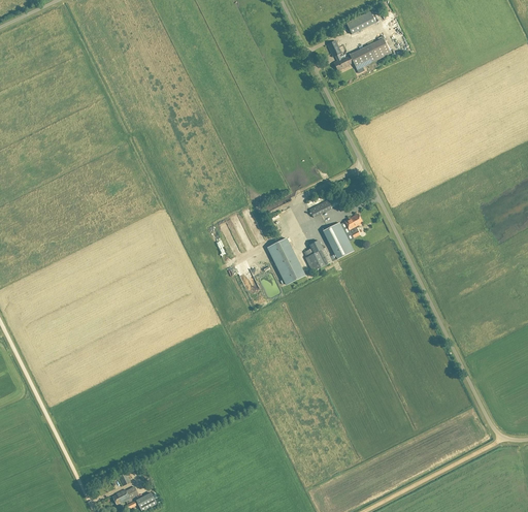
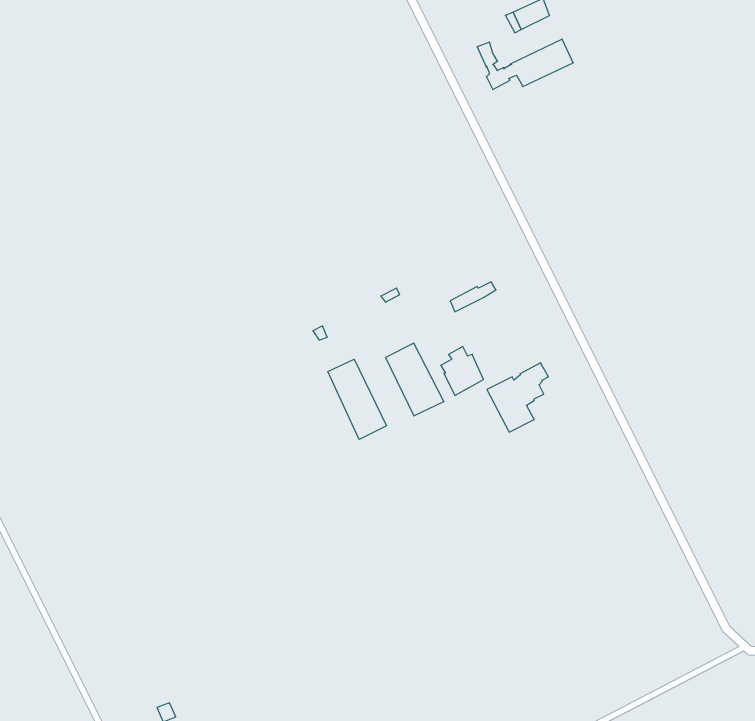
building: [322,213,362,258] -> [487,363,548,432]
building: none -> [328,359,387,439]

